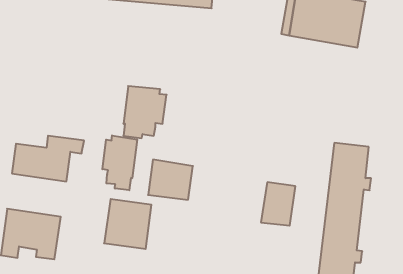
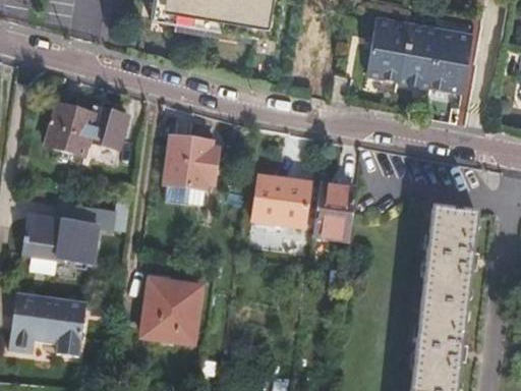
building: none -> [46,105,127,163]
building: [102,135,137,190] -> none
building: [148,160,193,200] -> [252,176,309,227]
building: [261,182,295,226] -> [312,185,356,240]

